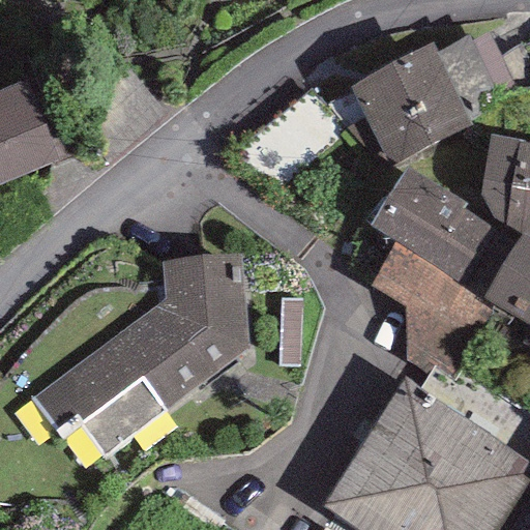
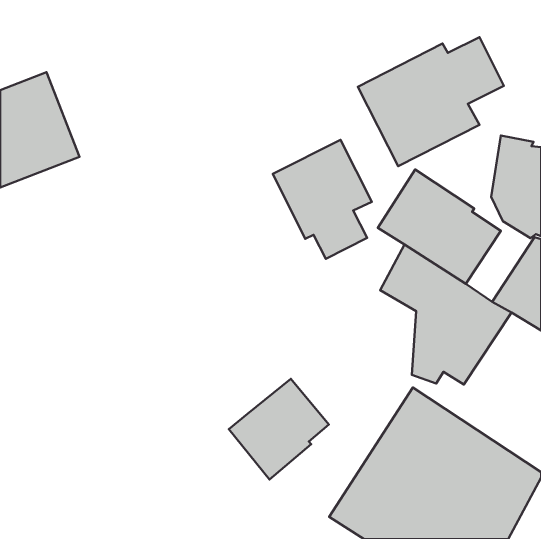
building: none -> [273,140,372,259]
building: [38,261,234,471] -> none
building: none -> [229,379,329,479]

